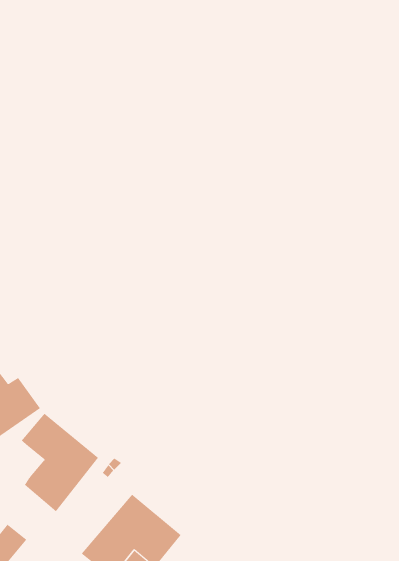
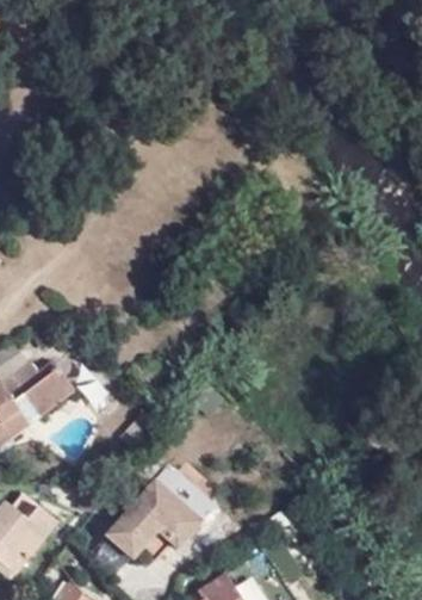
building: [21,413,99,512] -> none

